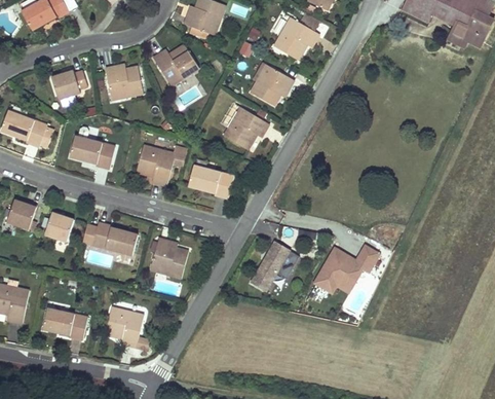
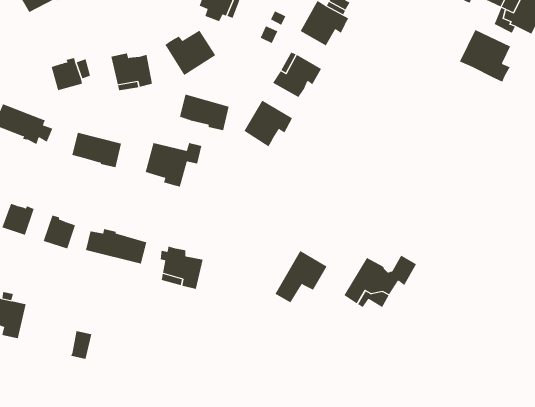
building: none -> [459,29,511,82]
building: [187,165,232,197] -> [179,94,230,131]
building: [104,306,150,350] -> none
building: [42,307,73,334] -> none

